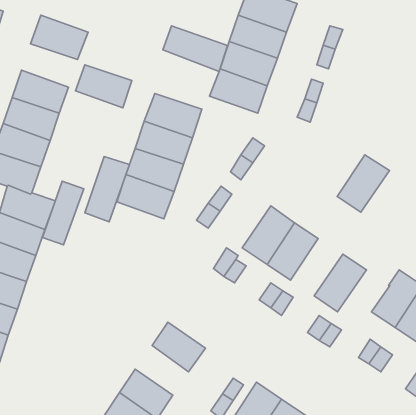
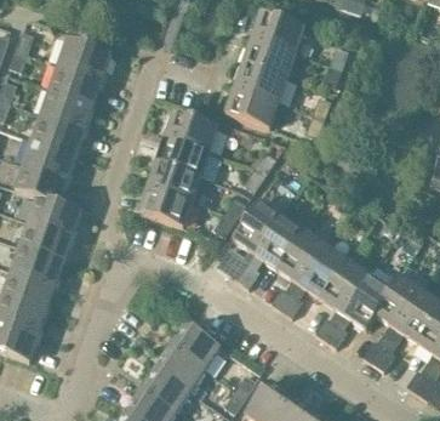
building: [163,26,228,71] -> none
building: [76,65,132,108] -> [50,64,102,104]
building: [337,155,390,212] -> [299,245,348,298]
building: [85,156,129,222] -> none
building: [43,181,84,245] -> none
building: none -> [233,200,281,254]
building: none -> [343,274,392,329]
building: none -> [155,345,205,391]

